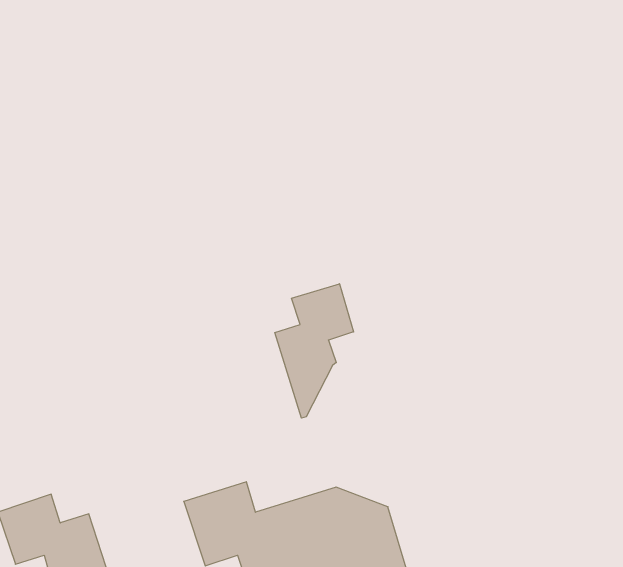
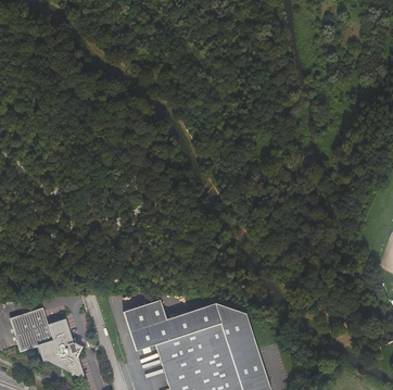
building: [275,284,354,418] -> none

